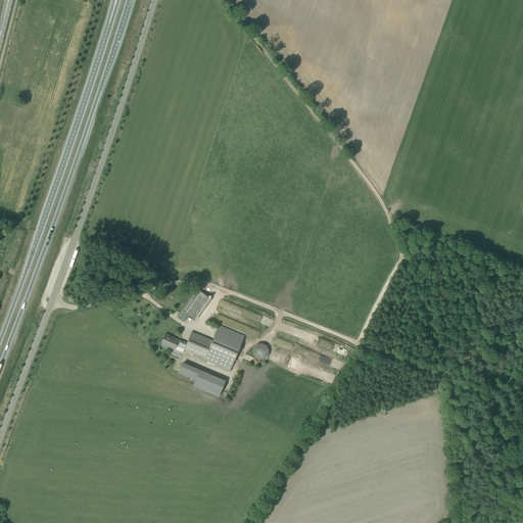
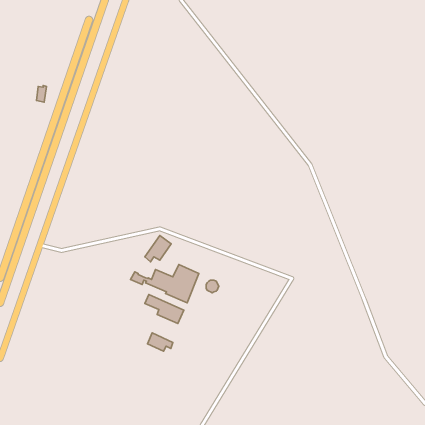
building: none -> [147,333,173,351]

